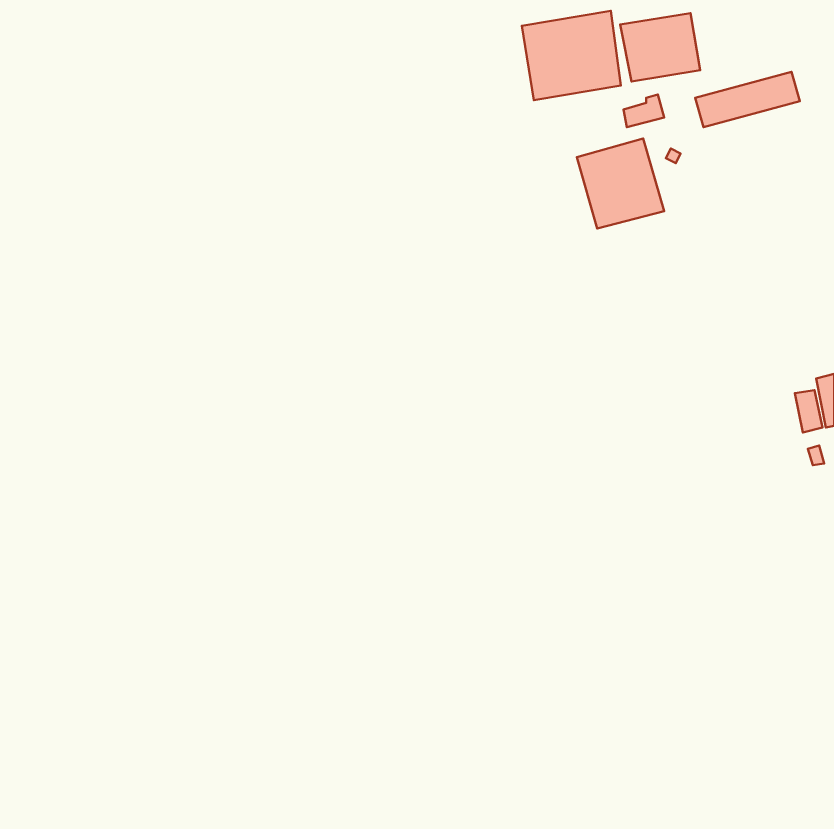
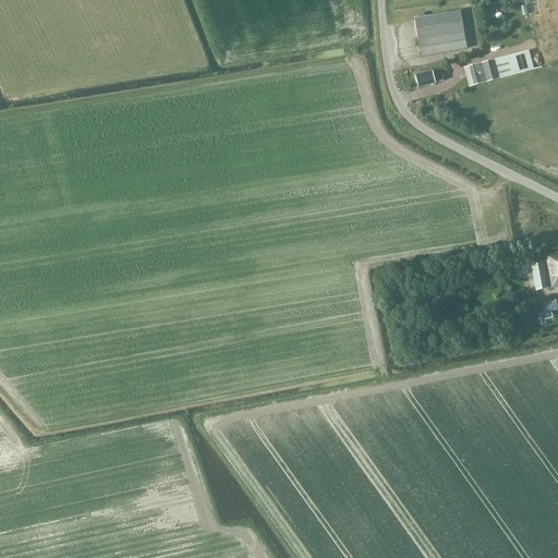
building: [522,11,621,100] -> none
building: [577,139,664,228] -> none

